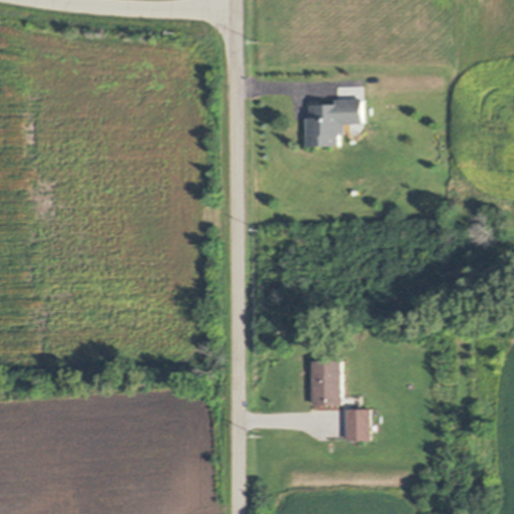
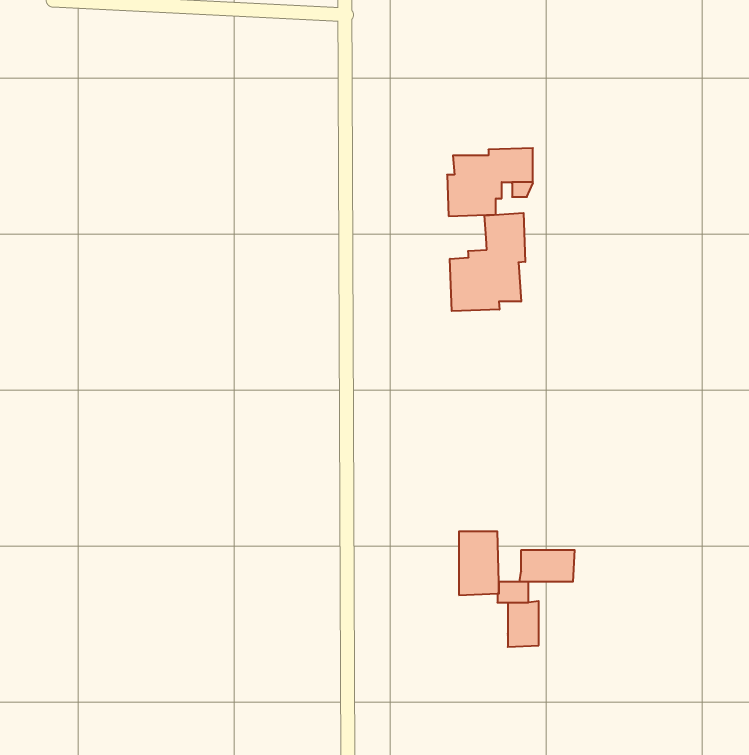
building: none -> [450,213,525,311]
building: none -> [519,550,575,582]

